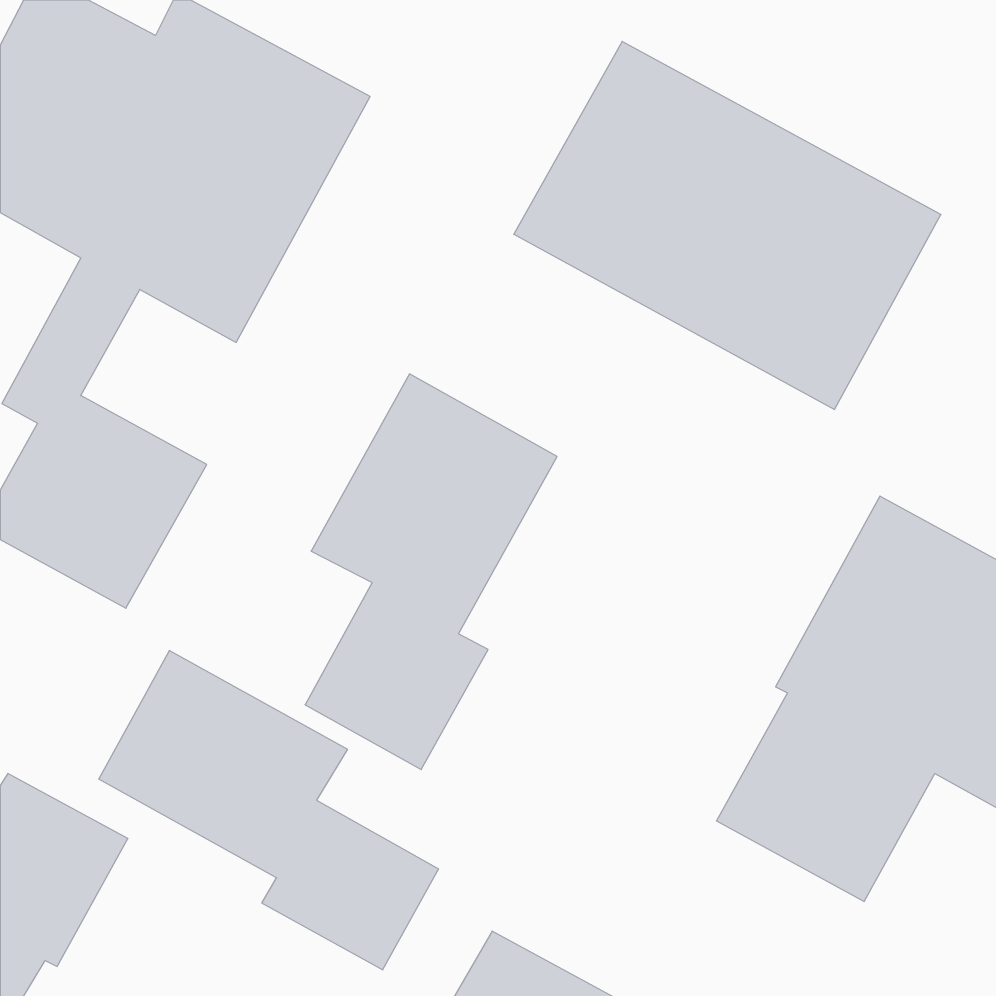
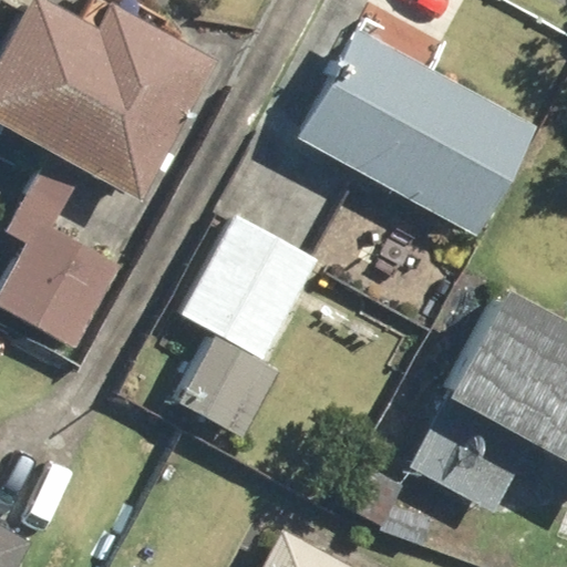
building: [99,650,438,970] -> none

